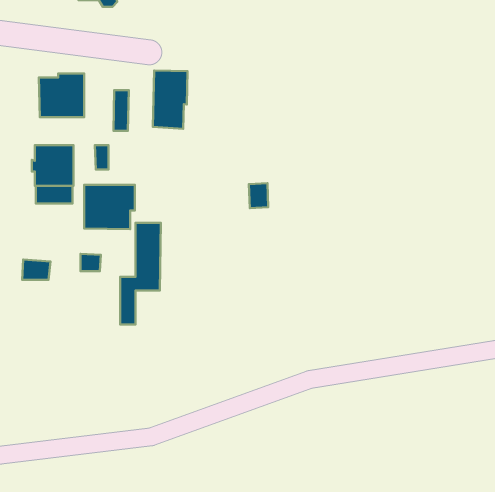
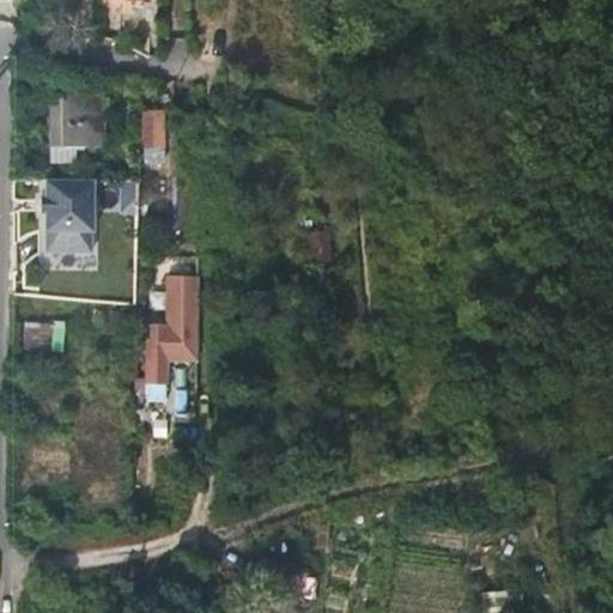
building: [153,70,188,129] -> none
building: [84,185,135,229] -> none

